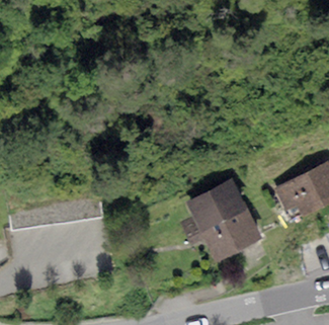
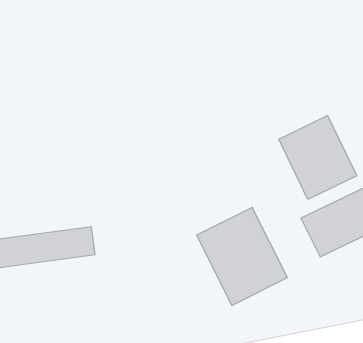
building: none -> [279,116,357,199]

